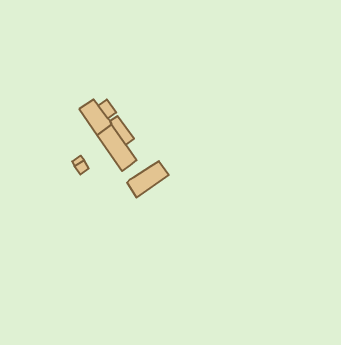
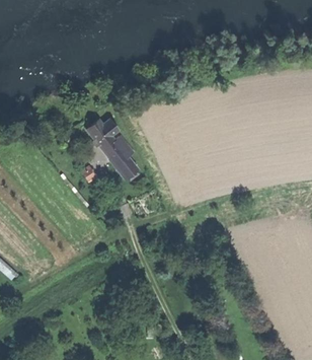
building: [127,161,169,198] -> none

